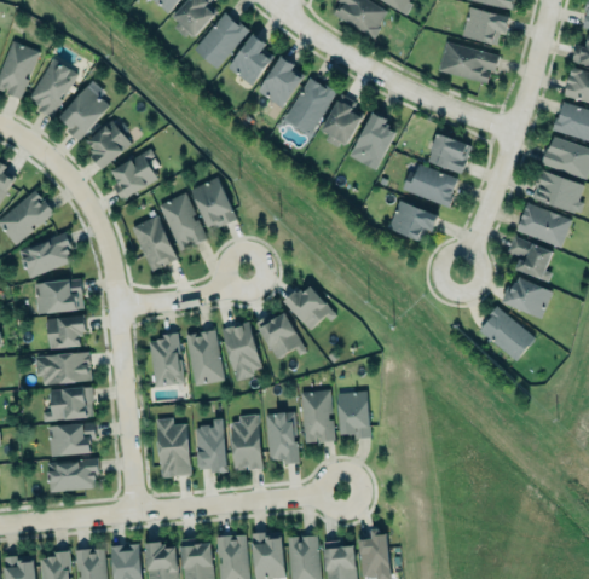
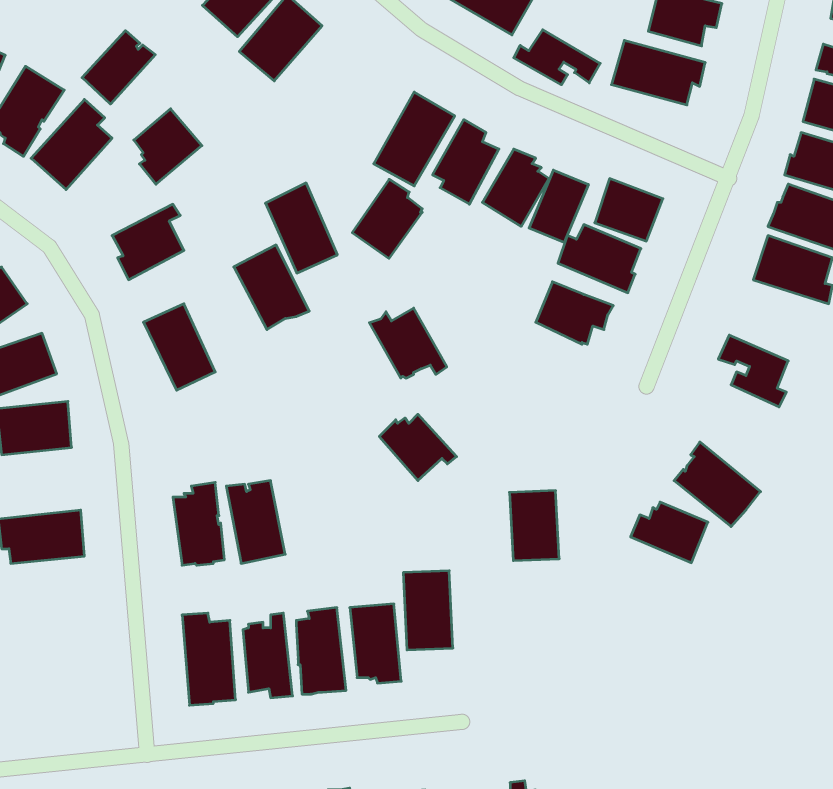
building: [229,34,275,86] -> none
building: none -> [514,30,600,85]
building: none -> [82,31,155,104]
building: [259,57,305,109] -> [352,179,422,258]
building: [88,121,133,170] -> [134,109,202,184]
building: none -> [529,170,588,242]
building: [158,192,206,251] -> [265,183,337,273]
building: [516,202,572,248] -> none
building: [502,279,553,319] -> [631,502,708,563]
building: [256,313,307,359] -> [369,308,447,378]
building: [47,317,87,349] -> none
building: [221,322,261,381] -> none
building: [42,386,94,422] -> none
building: [337,392,370,438] -> [509,491,559,561]
building: [48,423,97,457] -> none
building: [47,458,99,492] -> none

